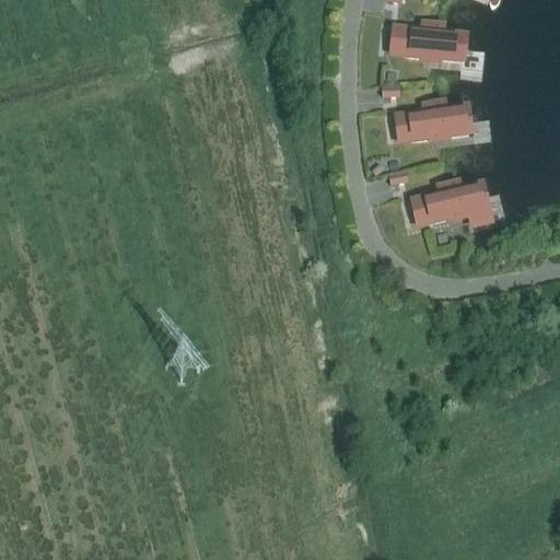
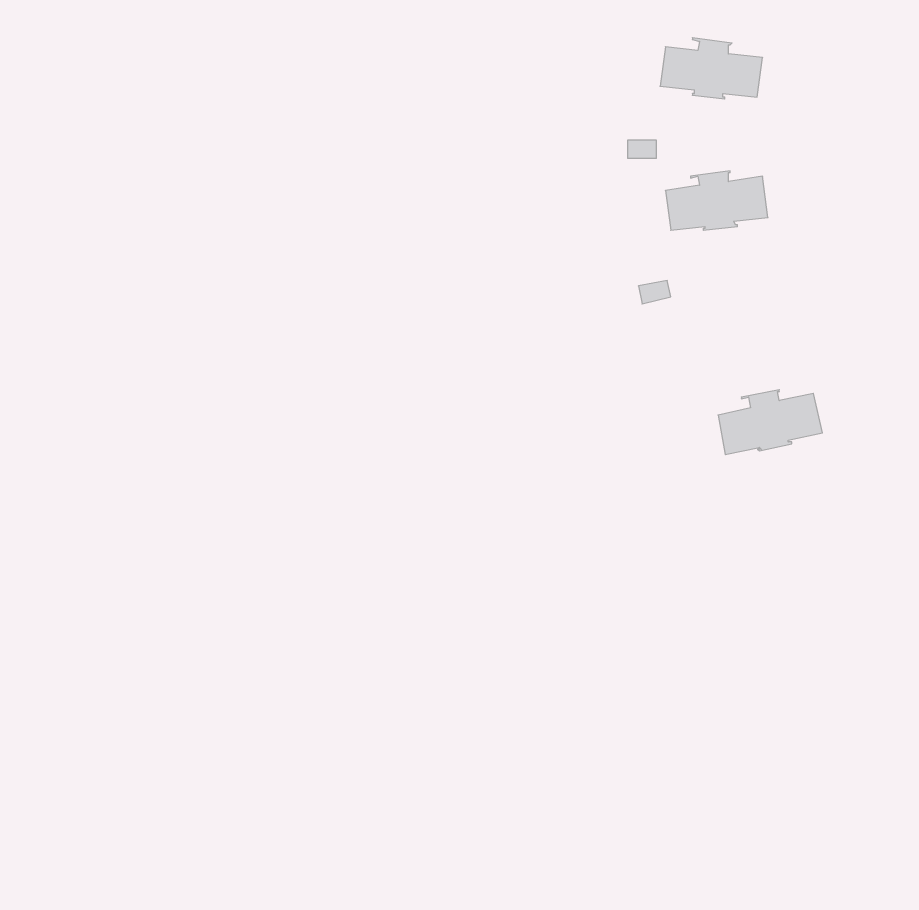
building: [423,182,487,221] -> [718,390,822,455]

